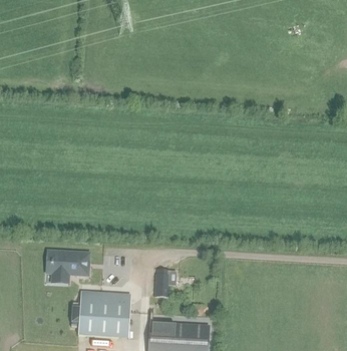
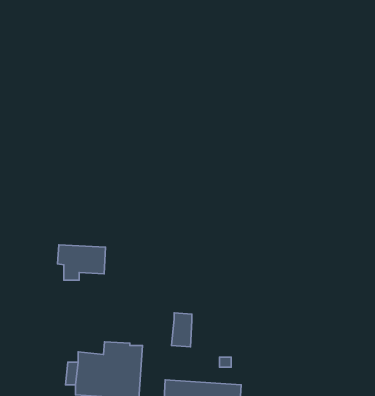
building: [50,251,88,279] -> [58,245,106,280]

